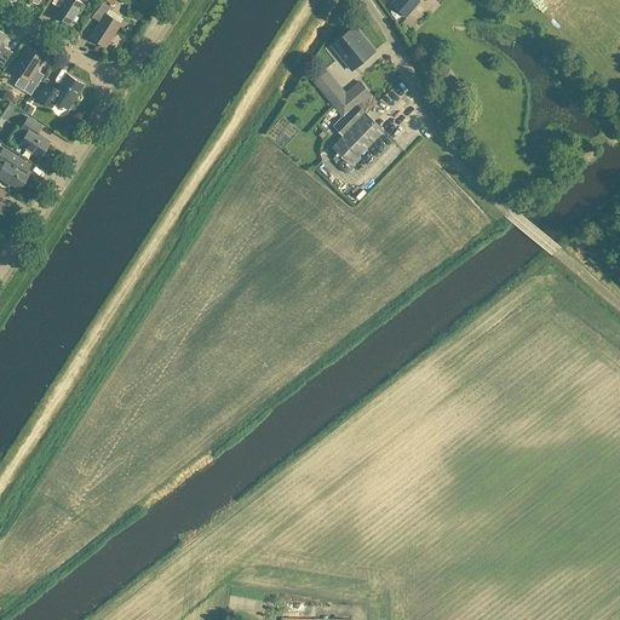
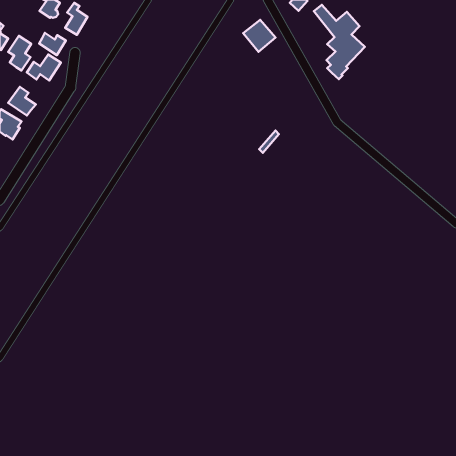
building: none -> [39,33,66,55]
building: [314,73,383,173] -> [314,5,365,79]

